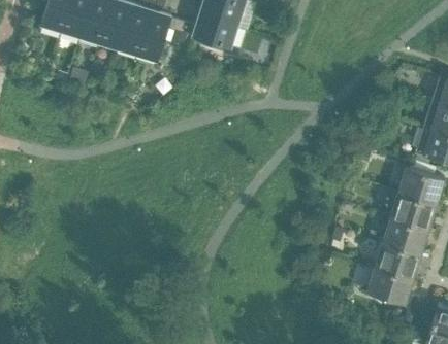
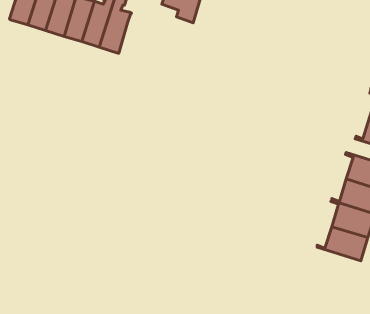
building: [166,9,235,49] -> none
building: [366,266,413,306] -> none

